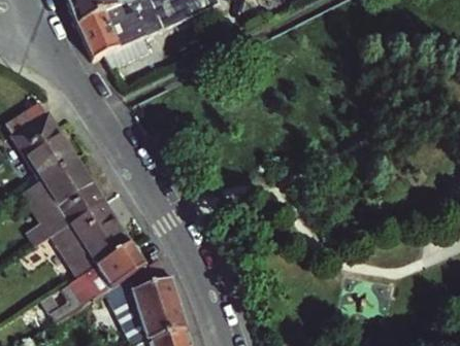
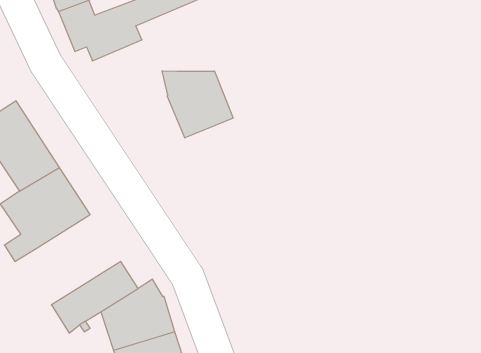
building: none -> [162,71,233,138]
building: [58,203,132,274] -> none

